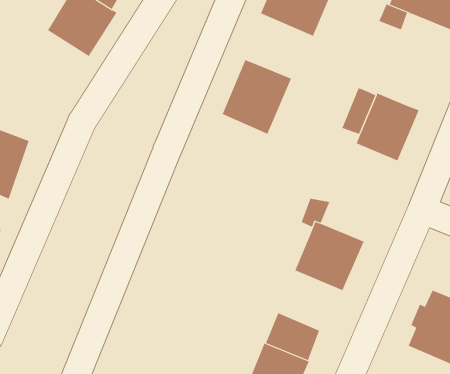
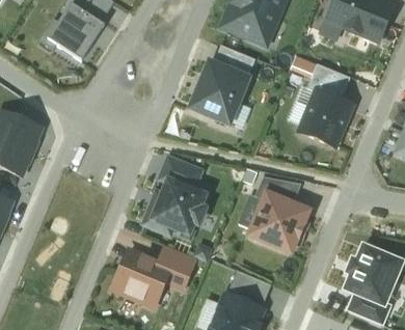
building: none -> [213,43,255,77]
building: none -> [307,61,351,99]
building: none -> [147,158,212,246]
building: none -> [116,246,196,307]

